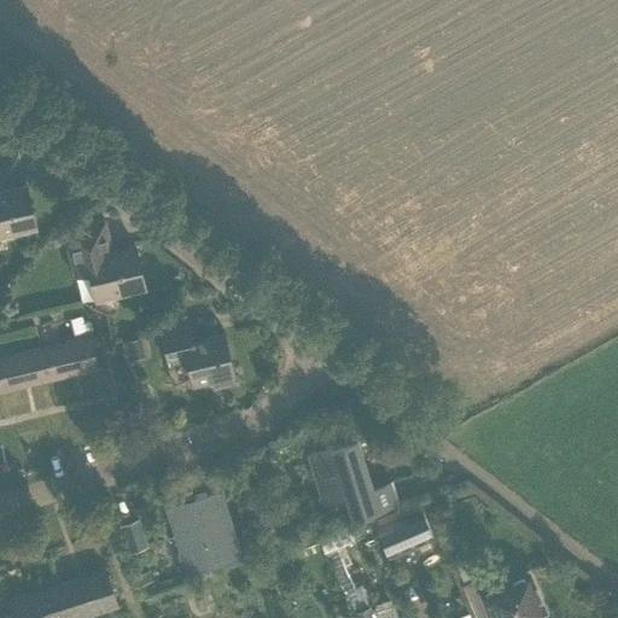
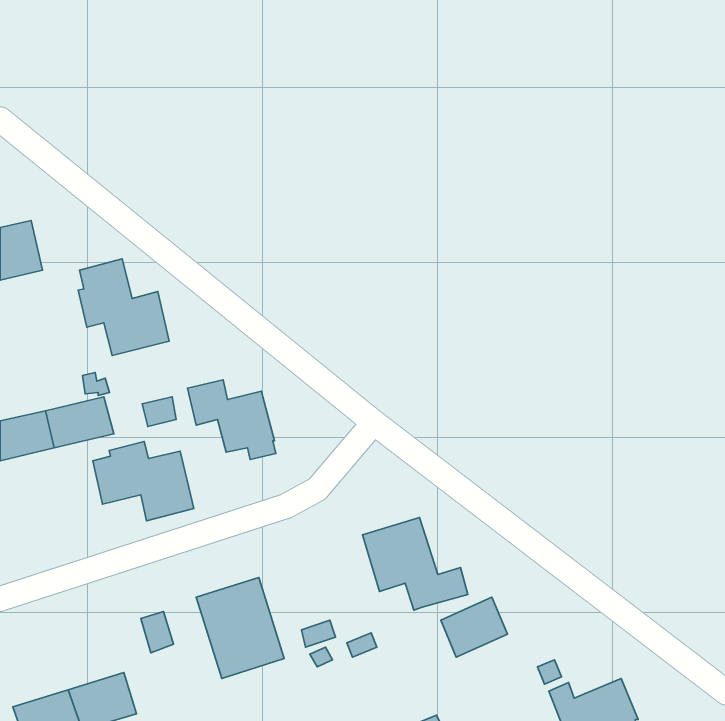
building: none -> [93,441,194,521]

